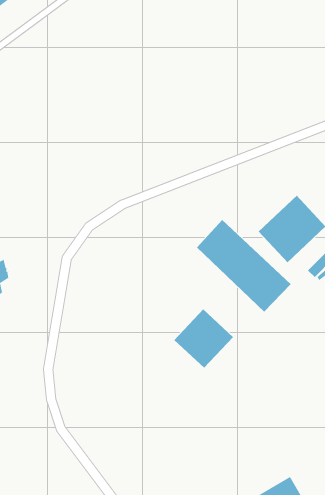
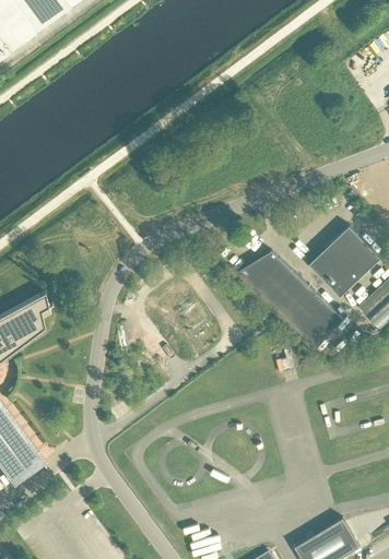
building: [174,309,234,369] -> none

